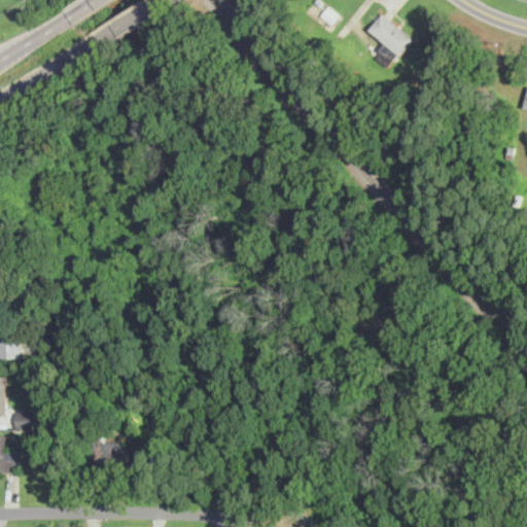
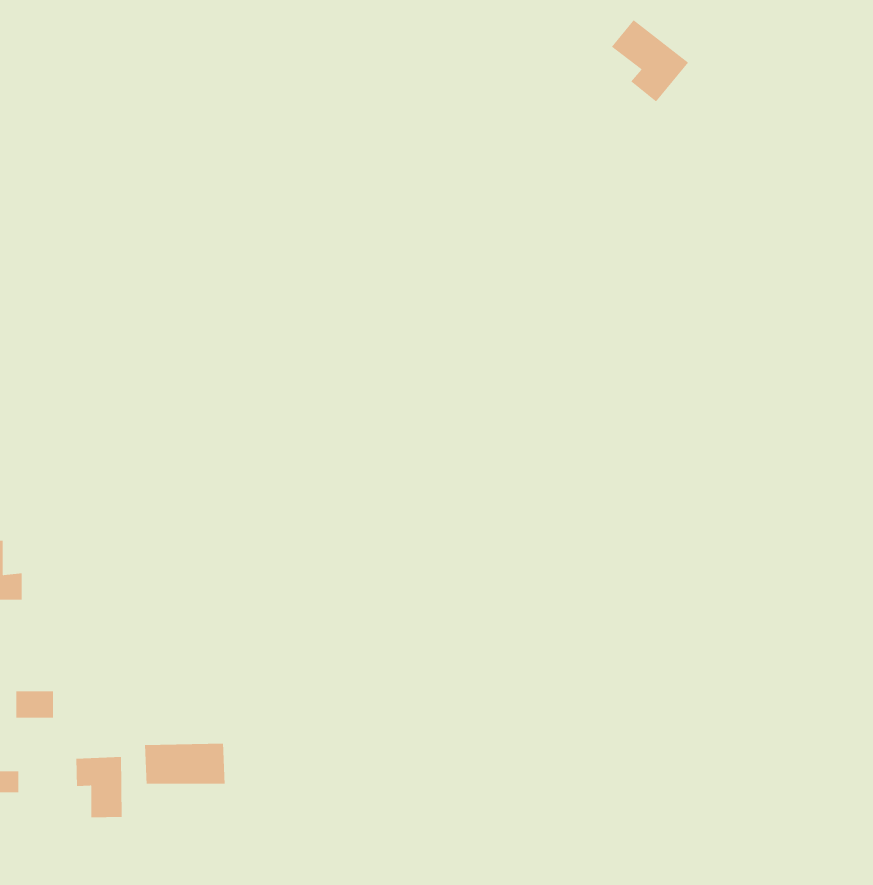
building: none -> [76,756,122,818]

